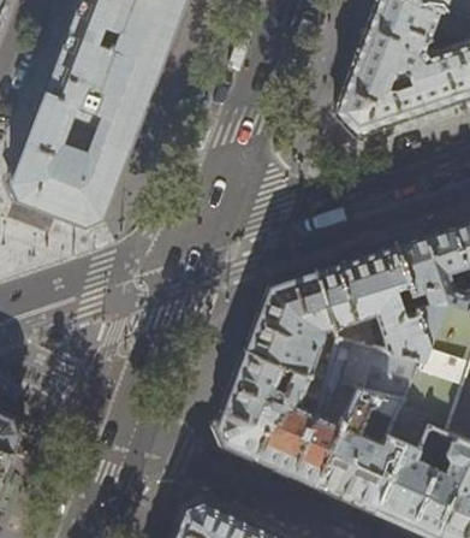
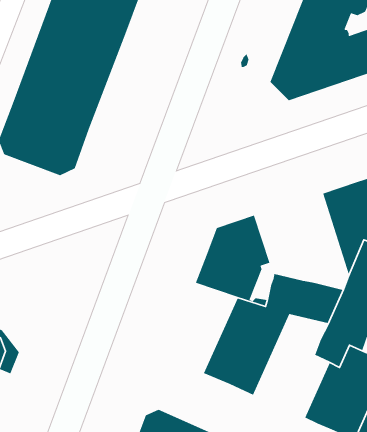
building: [316,247,428,361] -> none
building: [216,354,296,461] -> none
building: [315,391,405,514] -> none

